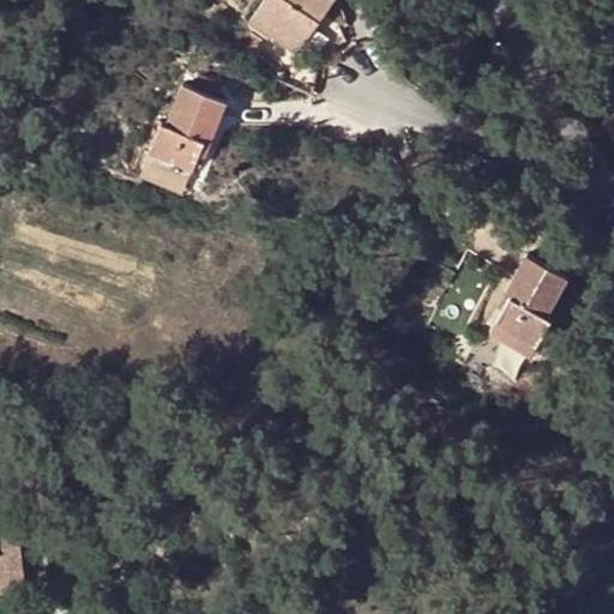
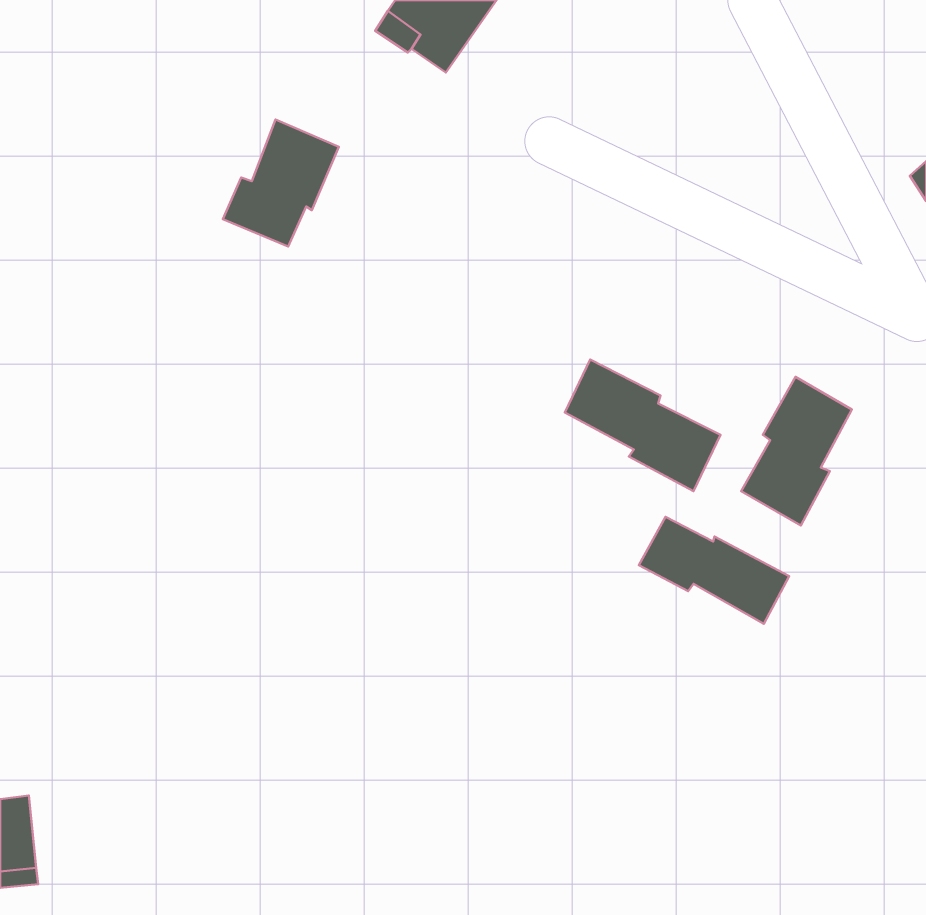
building: none -> [565,359,720,491]
building: none -> [639,517,789,624]

